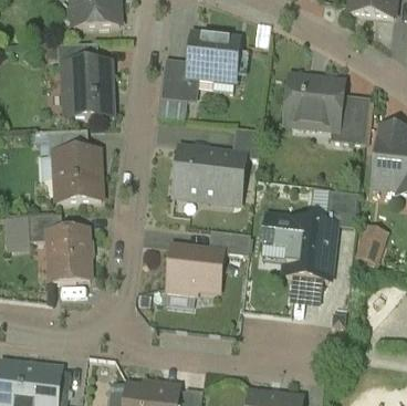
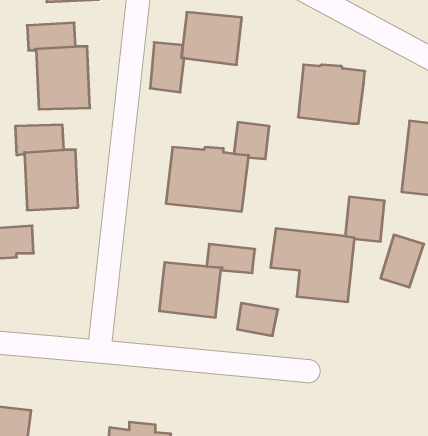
building: [330,93,371,143] -> none
building: [49,235,92,281] -> none
building: [293,274,327,302] -> [237,303,278,336]

